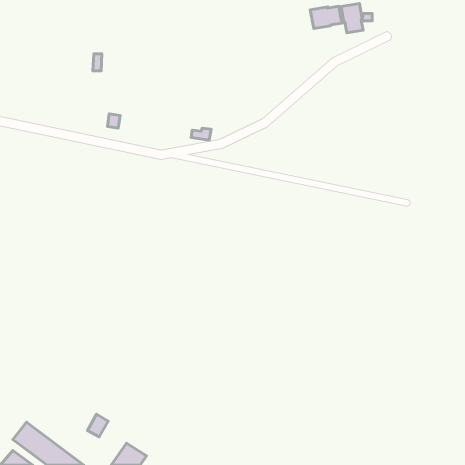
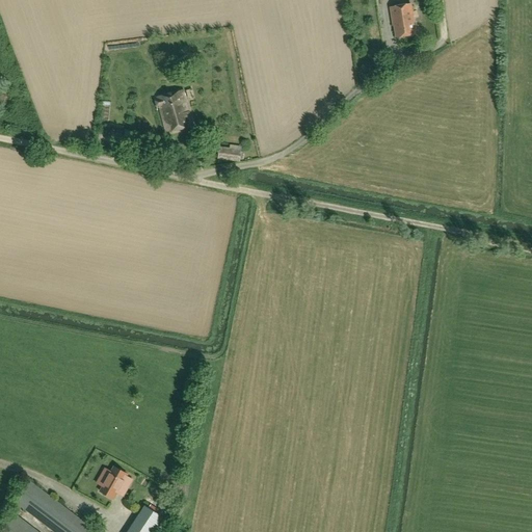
building: [310,6,342,29] -> none
building: none -> [156,89,192,133]

